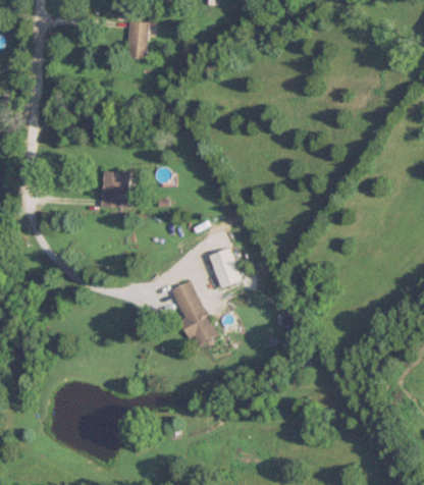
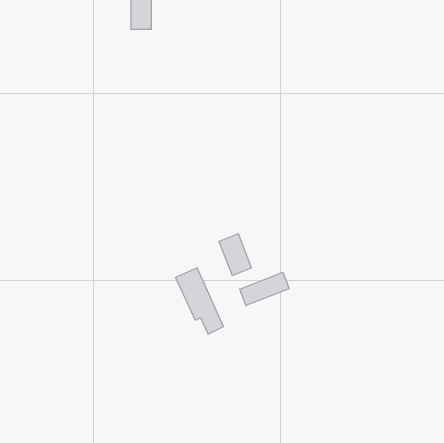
building: [103,170,129,208] -> none
building: none -> [240,272,289,306]

